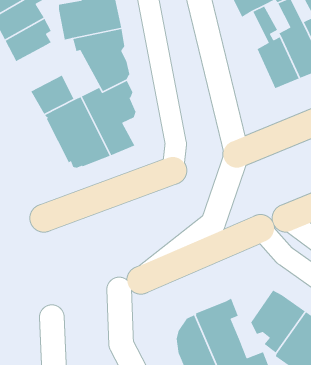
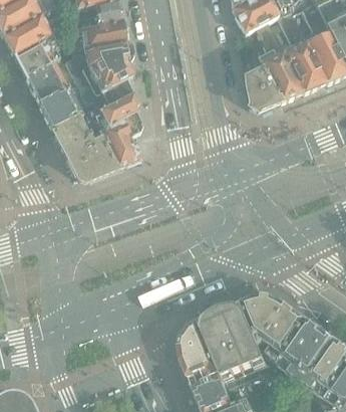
building: none -> [243,59,277,111]
building: none -> [25,61,70,106]
building: none -> [235,296,275,365]

